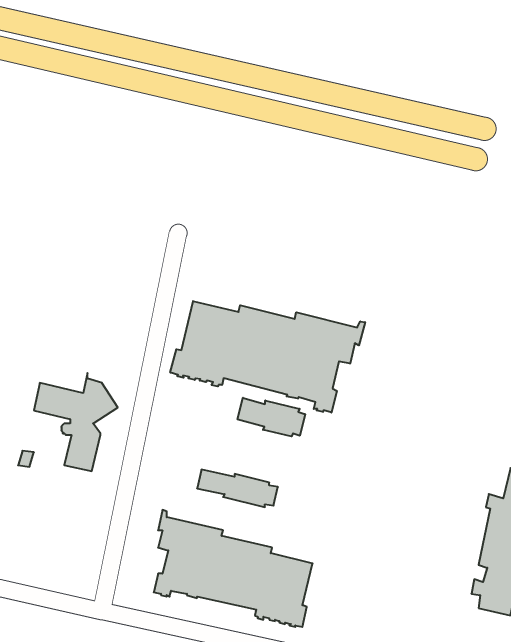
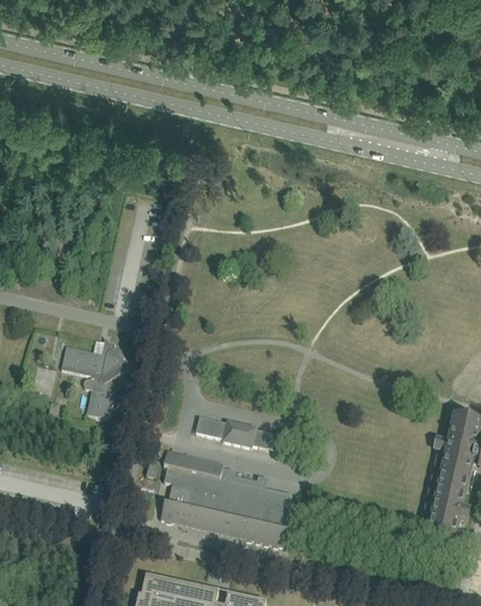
building: [170,301,365,413] -> none
building: [238,398,305,436] -> none

